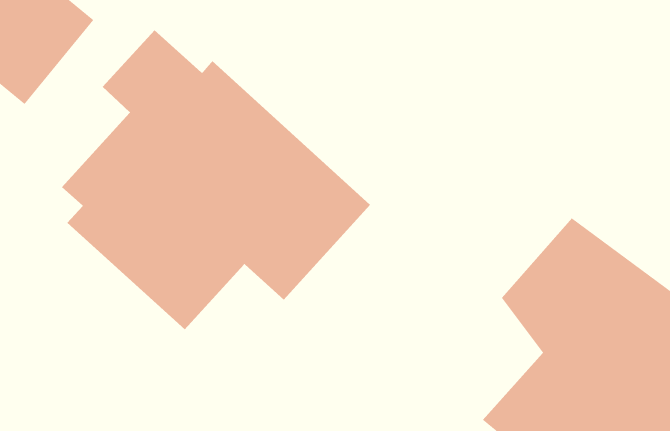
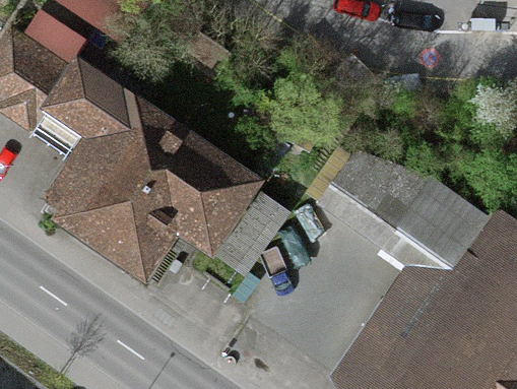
building: none -> [318,155,426,243]

